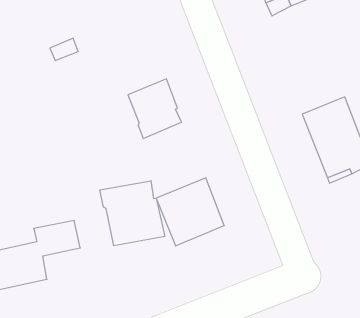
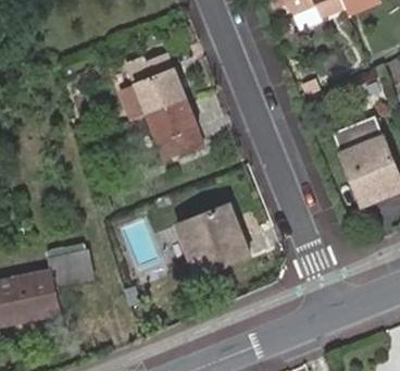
building: none -> [117,53,186,120]
building: [100,181,165,246] -> none

